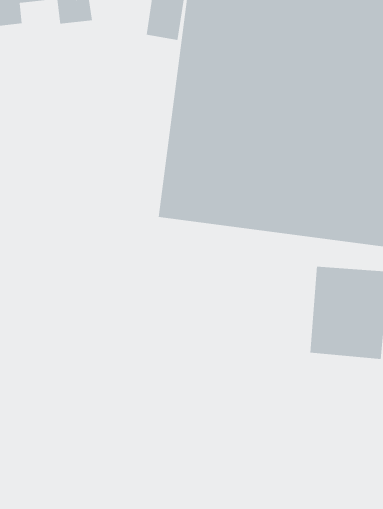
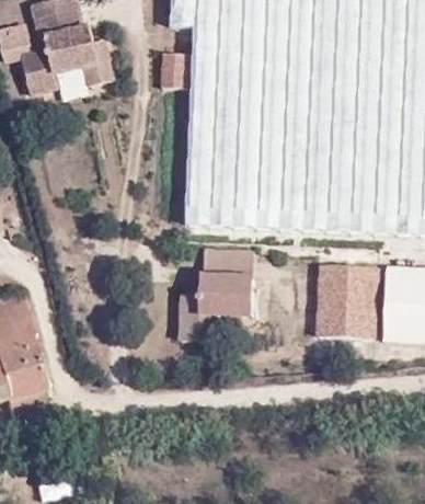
building: none -> [176,245,255,335]

